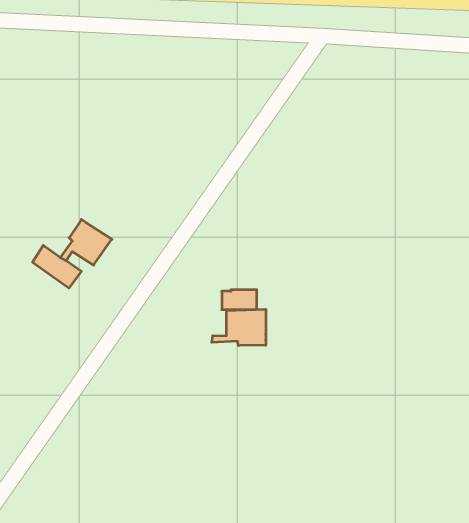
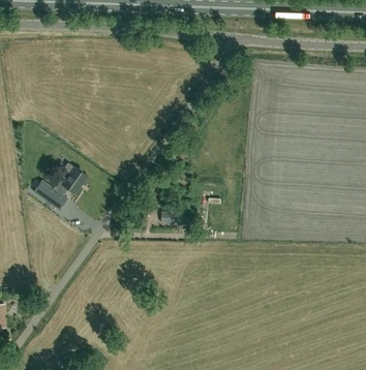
building: [212,309,266,346] -> none

